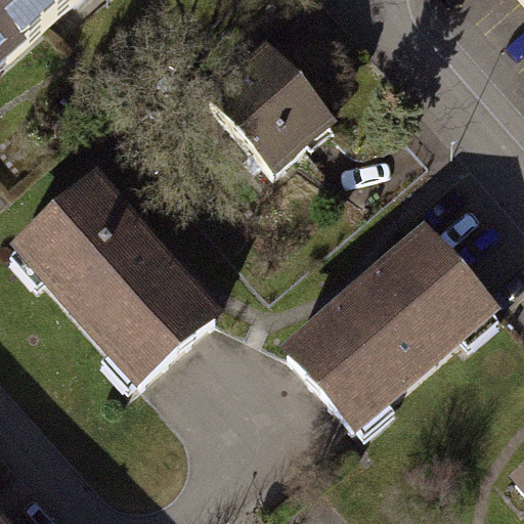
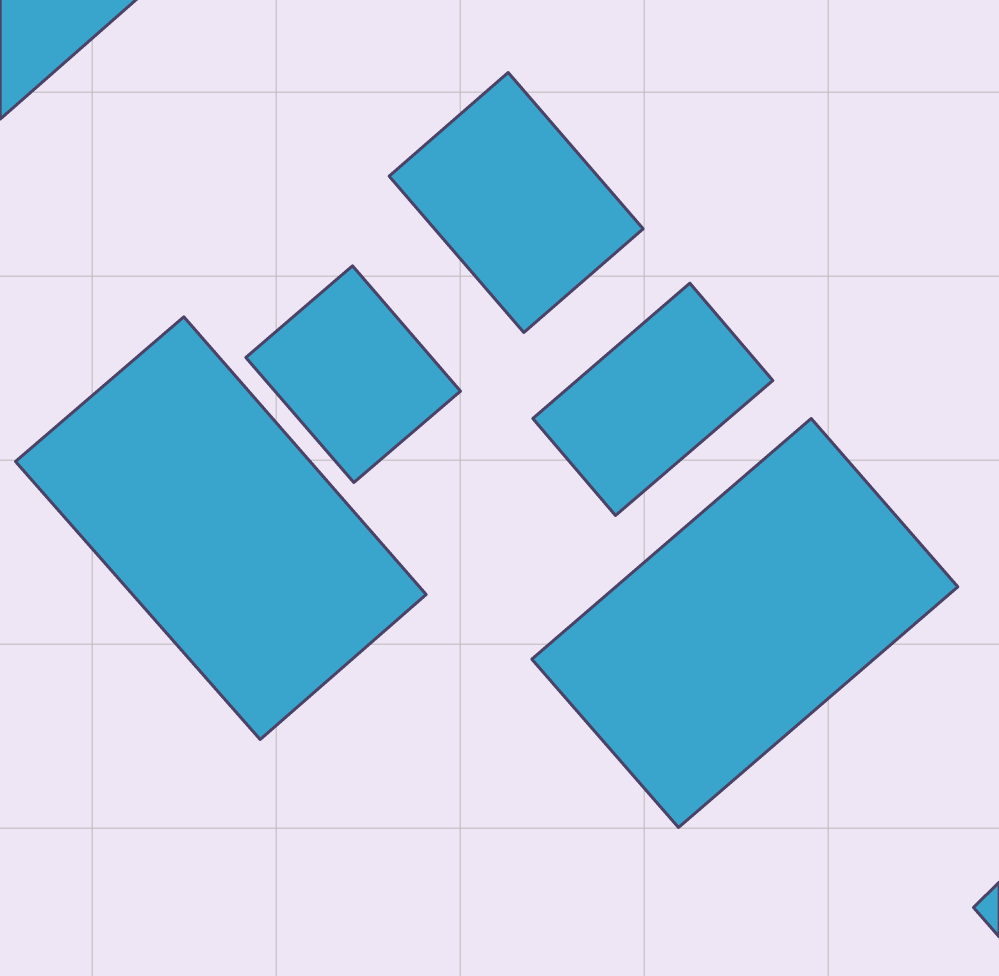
building: none -> [246,266,460,483]
building: none -> [533,283,773,516]

